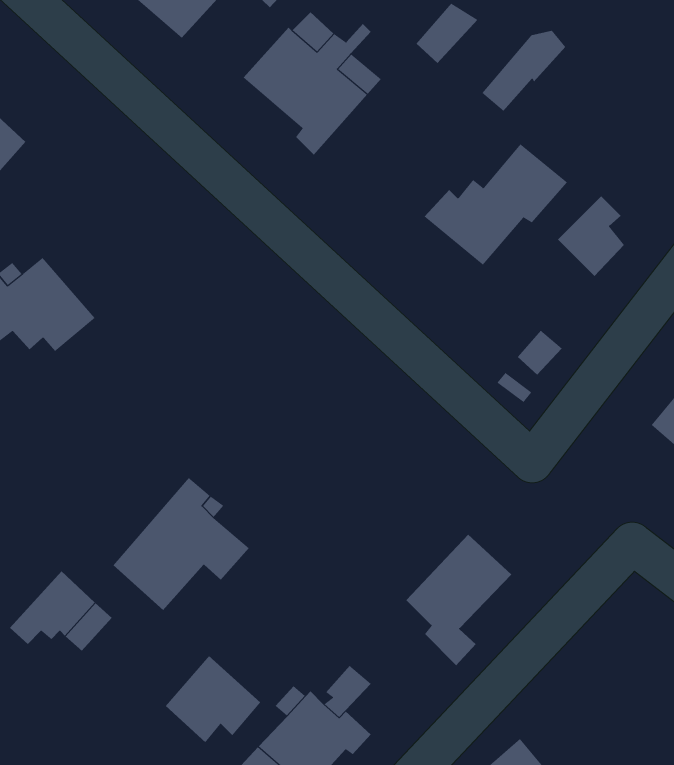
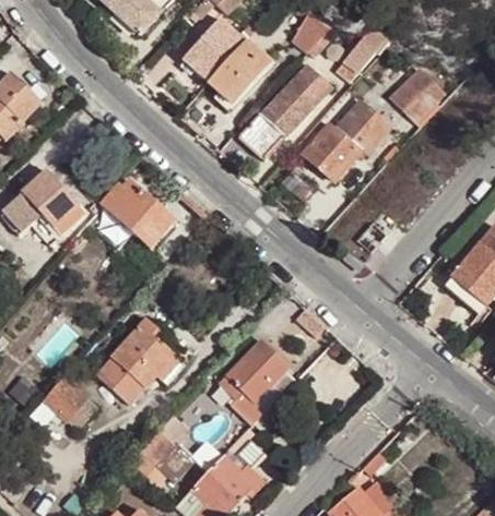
building: none -> [237,64,328,160]
building: [557,196,625,277] -> [392,71,436,123]
building: none -> [99,179,175,249]
building: [406,534,512,666] -> [220,339,288,424]

